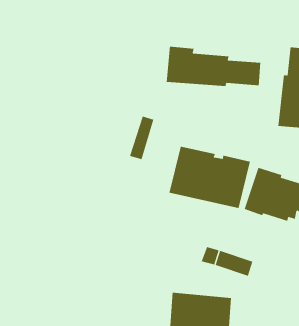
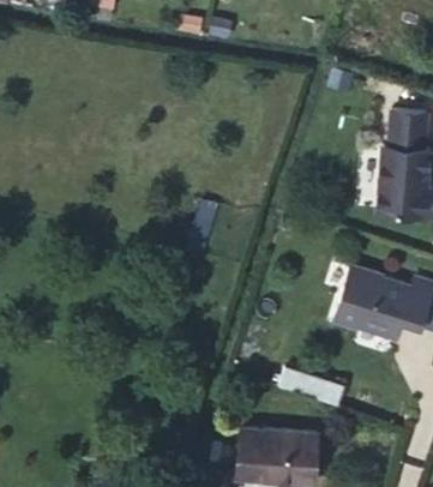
building: [166,46,261,87] -> none
building: [169,146,250,209] -> none

